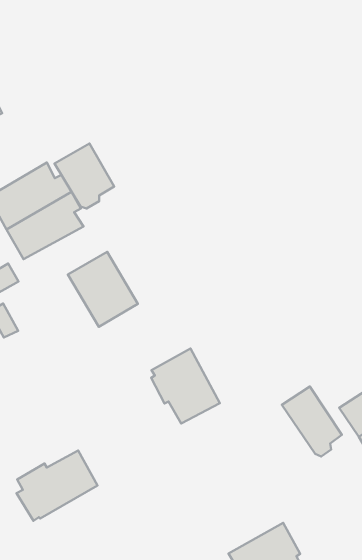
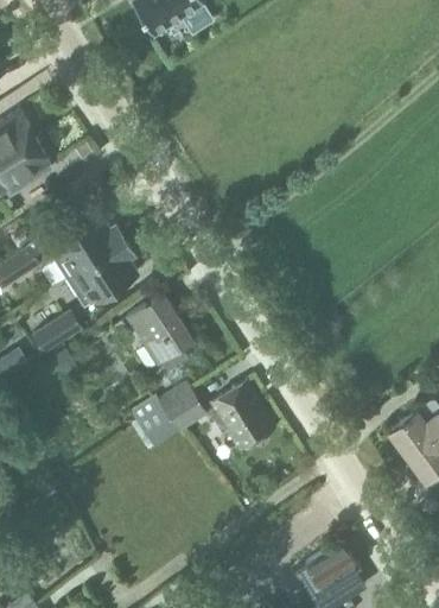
building: [55,144,114,208] -> none
building: [282,387,342,456] -> none
building: [16,450,97,521] -> [131,381,206,450]

